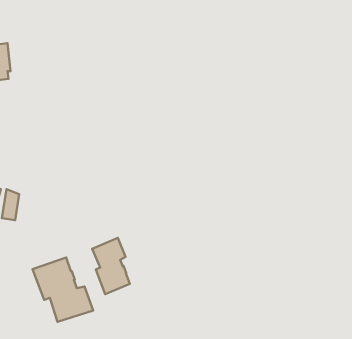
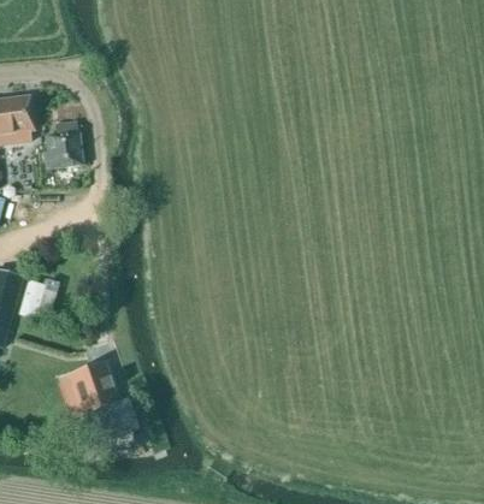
building: none -> [45,120,82,167]
building: [92,238,130,294] -> none

